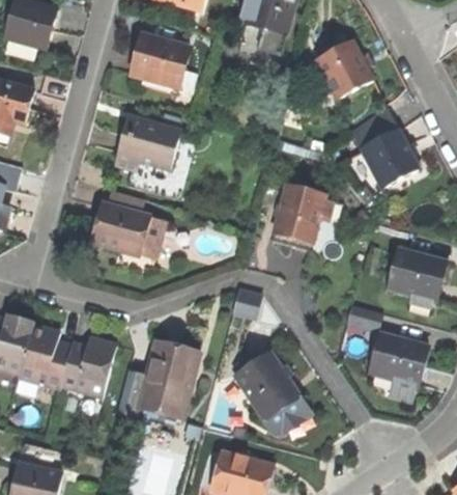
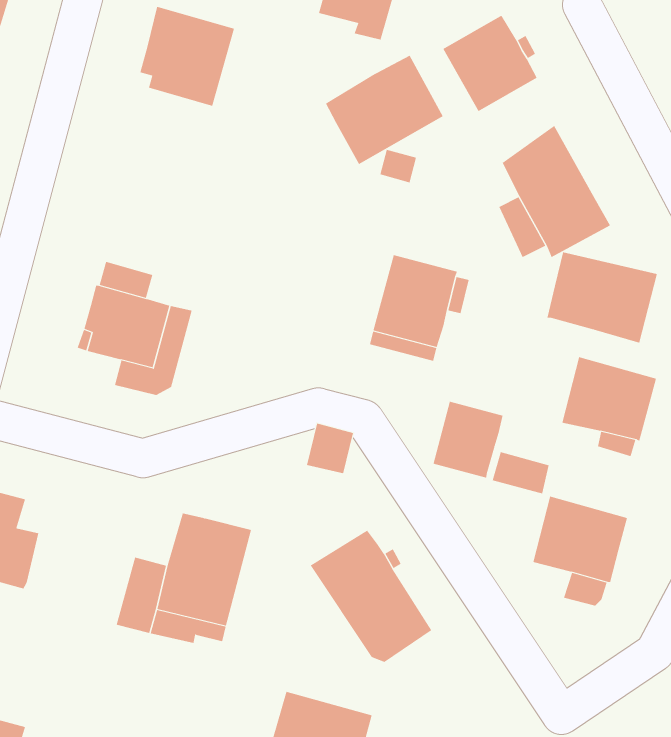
building: none -> [325,55,444,165]
building: [114,115,179,169] -> none
building: none -> [547,252,658,343]
building: none -> [433,401,503,478]
building: [62,339,116,395] -> none

